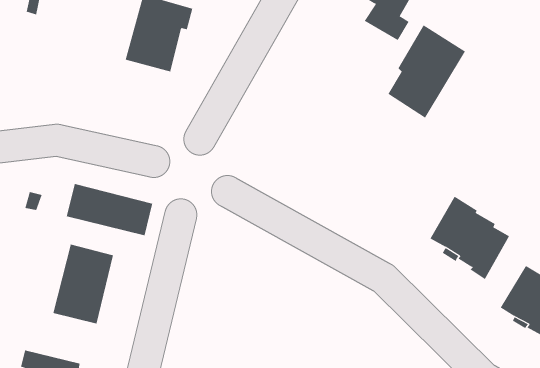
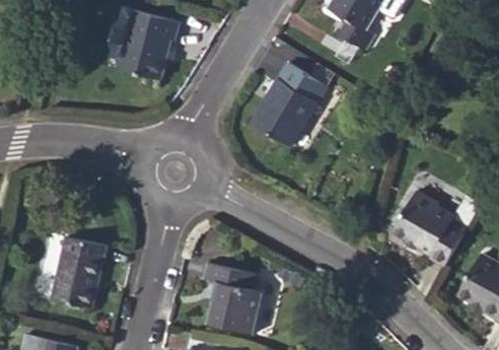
building: [388,25,466,118] -> [256,62,327,147]
building: [66,183,153,236] -> none
building: none -> [202,262,263,334]

